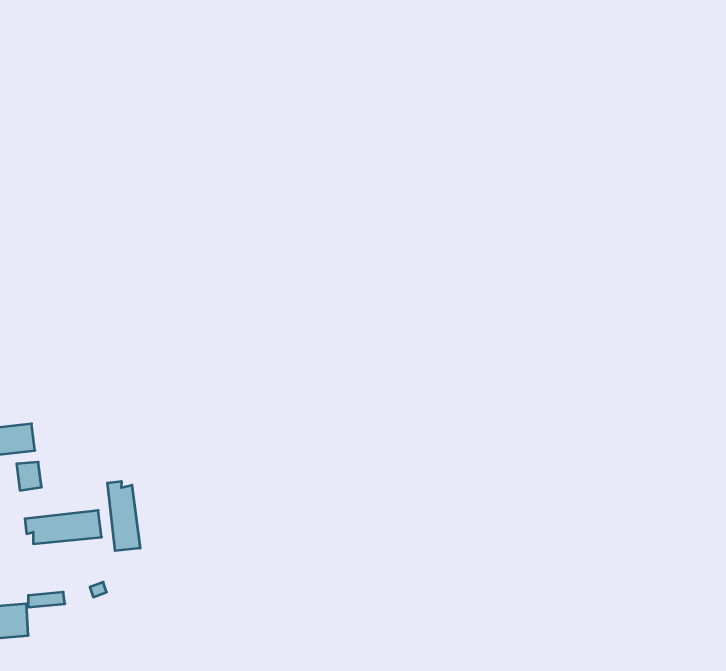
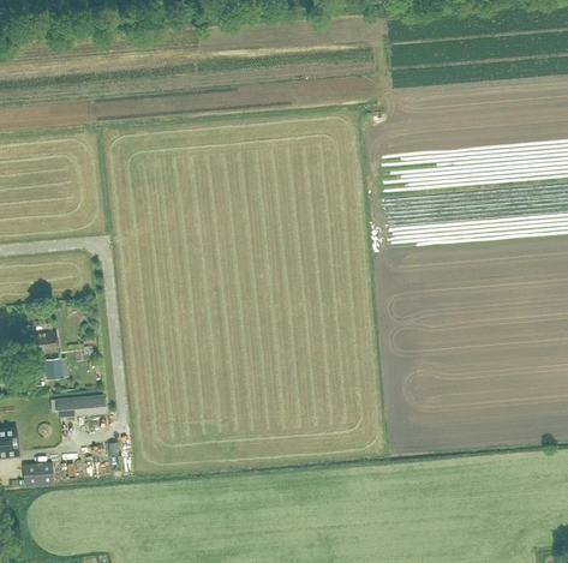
building: [107,481,140,551] -> none

